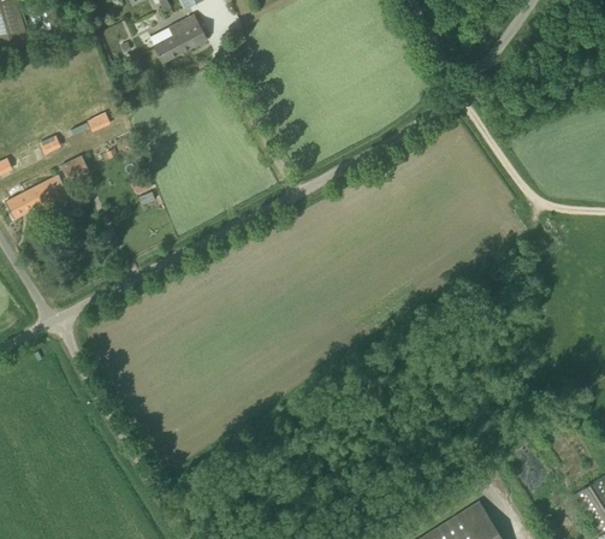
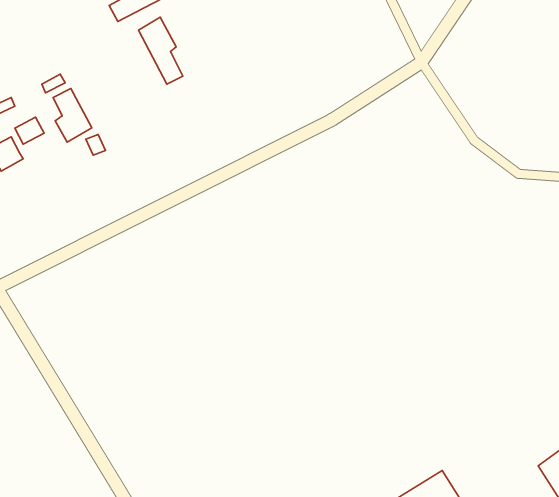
building: none -> [138,17,183,84]
building: none -> [53,88,92,142]

